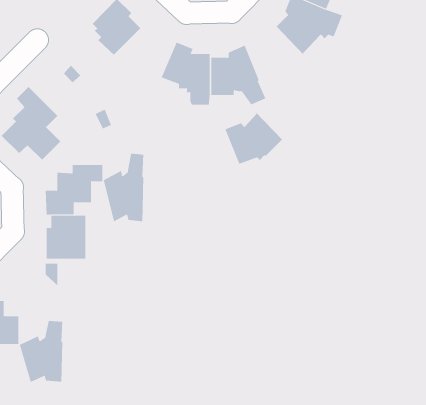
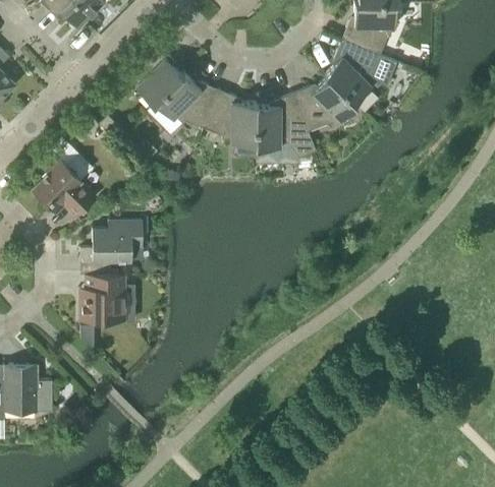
building: none -> [148,73,220,129]
building: [224,111,283,165] -> [293,74,355,131]
building: [103,153,144,222] -> none
building: [19,320,63,383] -> none

